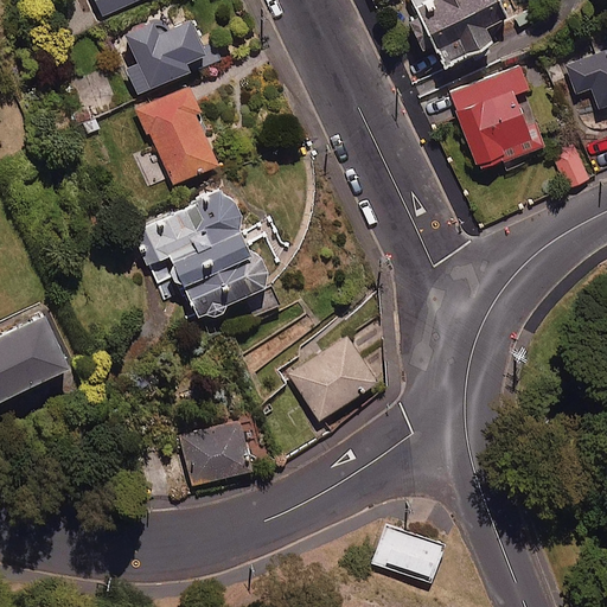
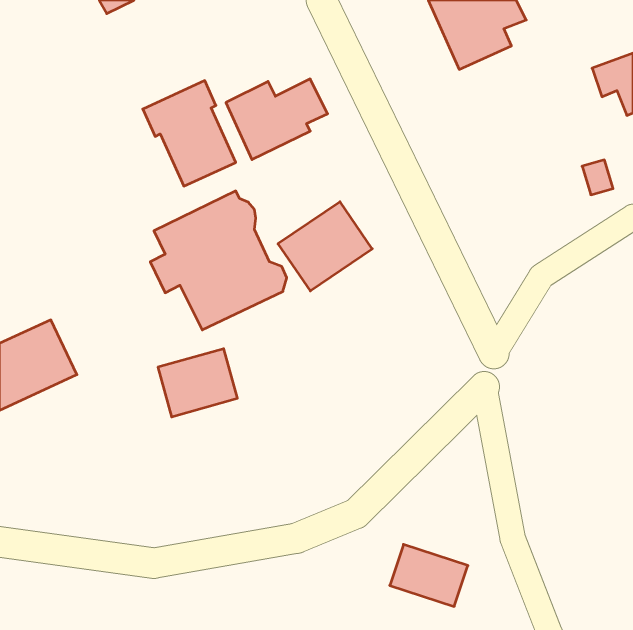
building: [115,14,212,91] -> [226,79,328,160]
building: [447,69,543,175] -> none
building: [289,334,379,420] -> [278,202,372,291]
building: [180,420,256,485] -> [158,349,237,417]

